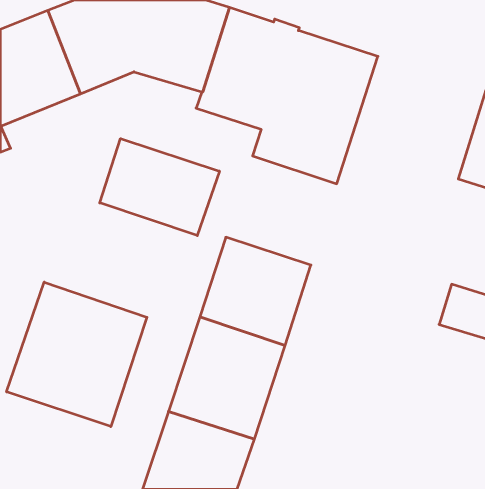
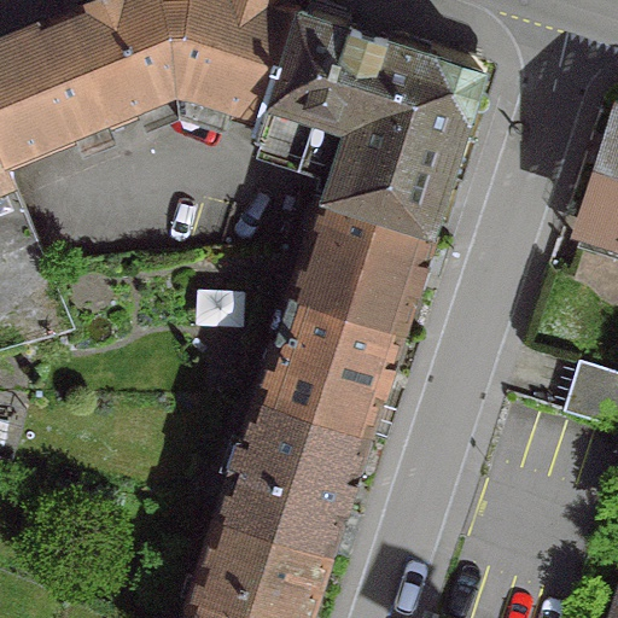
building: [100,139,219,236] -> none
building: none -> [290,197,430,334]
building: [7,282,147,427] -> none

